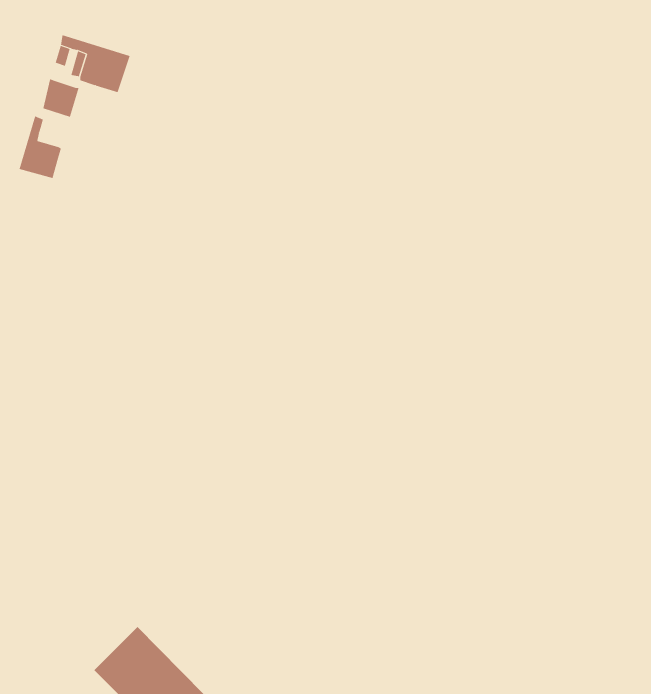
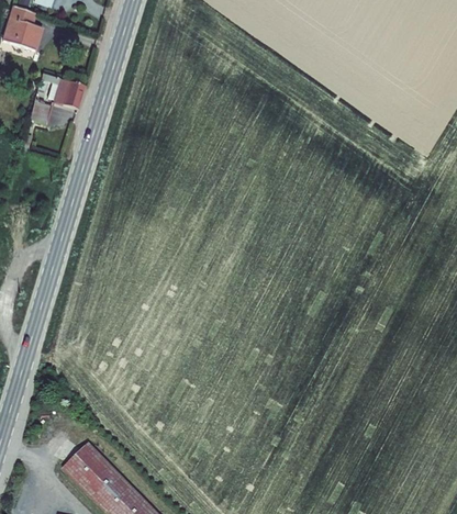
building: [19,116,61,179] -> none

